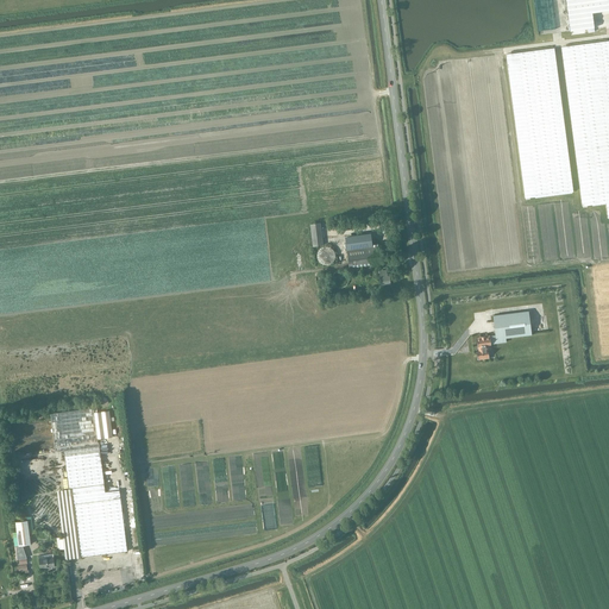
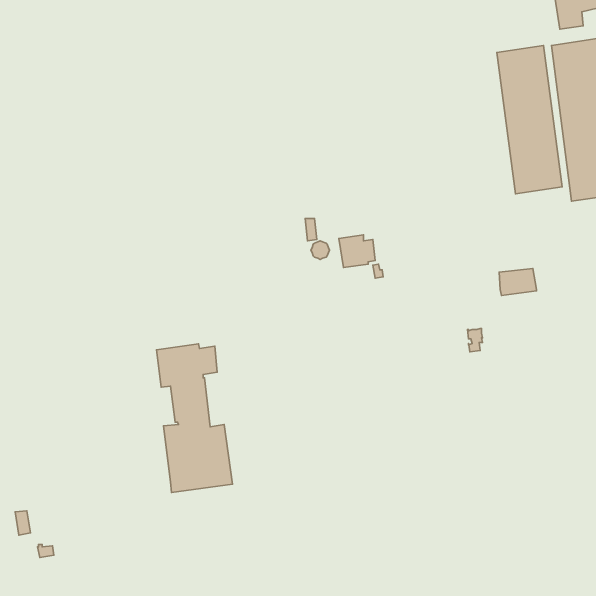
building: [495,310,533,338] -> [499,269,536,295]
building: [51,407,128,558] -> [156,344,232,492]

